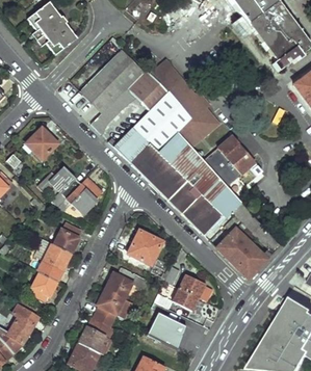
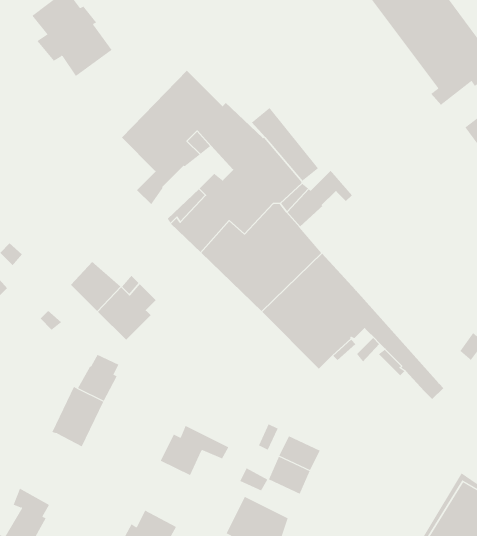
building: [26,127,57,158] -> none
building: [214,133,256,183] -> none
building: [216,227,267,276] -> none
building: [128,229,161,263] -> none
building: [30,271,57,301] -> none
building: [95,288,133,325] -> none

